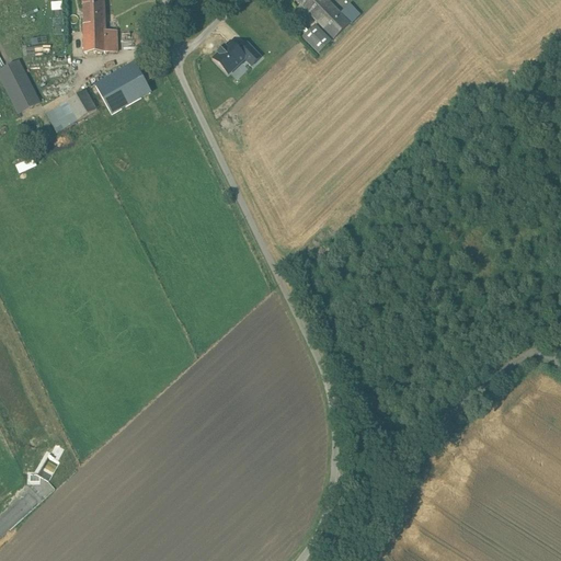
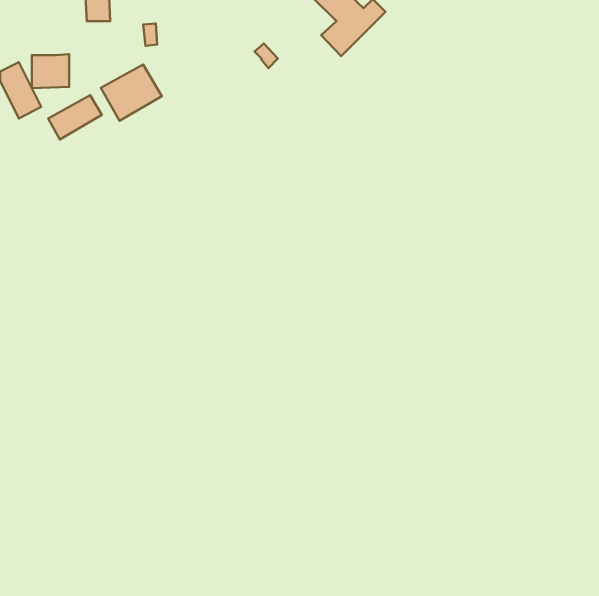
building: [81,19,116,50] -> [32,54,69,88]
building: [213,41,244,71] -> none

